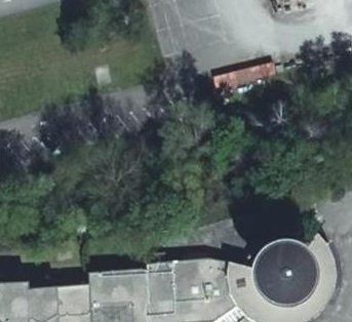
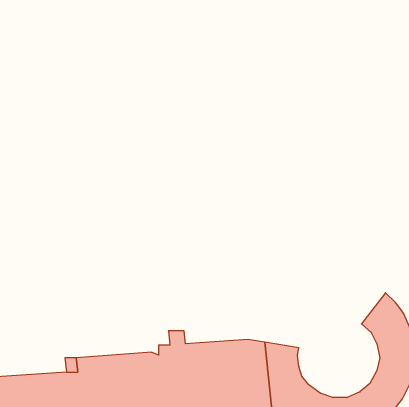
building: [250,246,310,305] -> none

